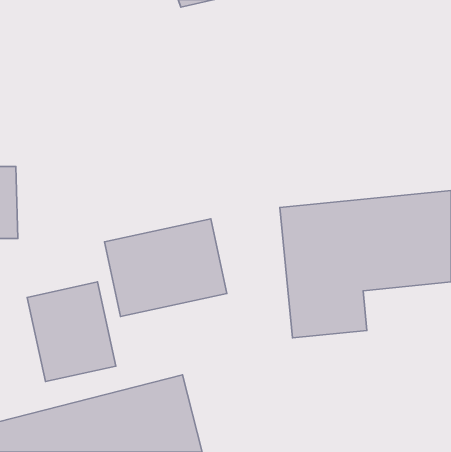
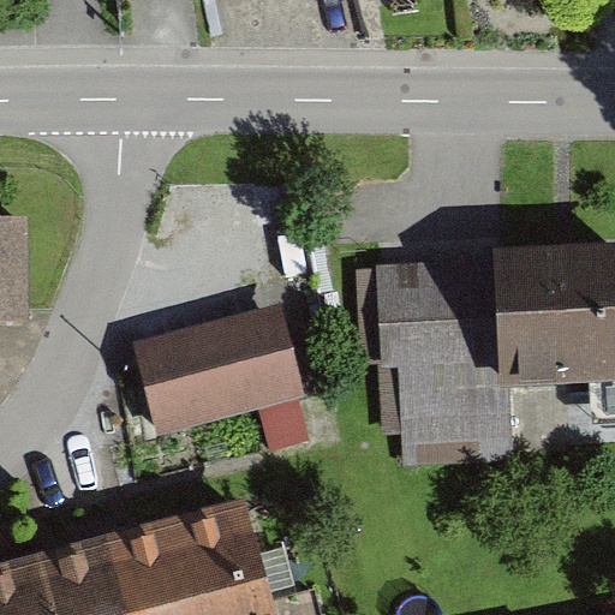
building: [27,282,116,382] -> none

